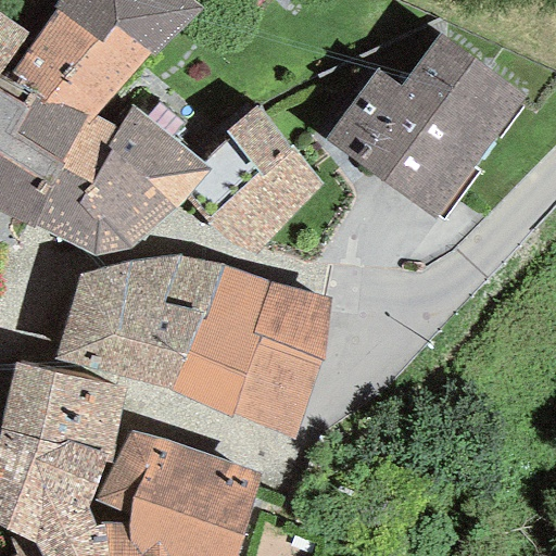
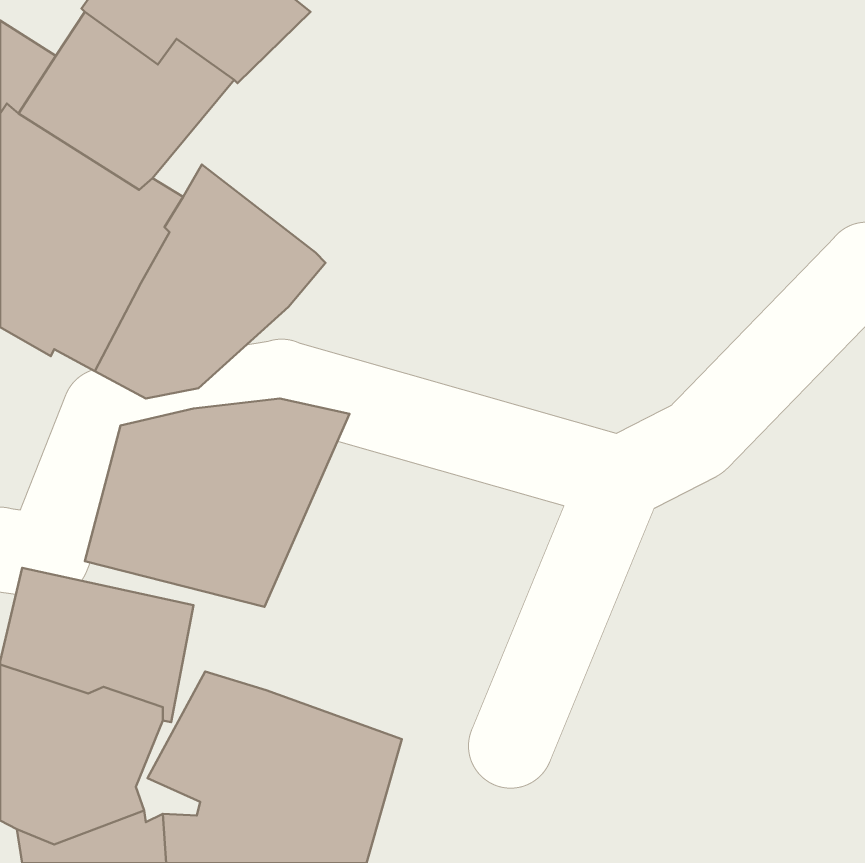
building: [325,31,523,218] -> none
building: [186,104,321,255] -> none
building: [170,265,330,437] -> none

